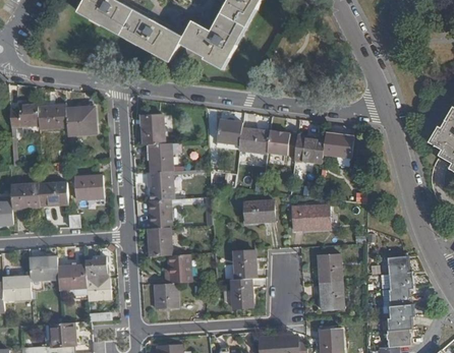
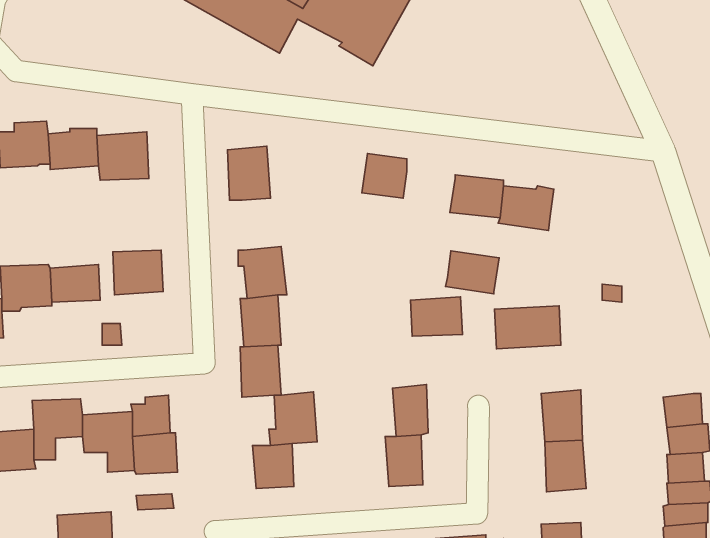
building: [238,129,269,154] -> [446,251,499,294]
building: [323,133,353,158] -> none
building: [148,143,172,174] -> none

